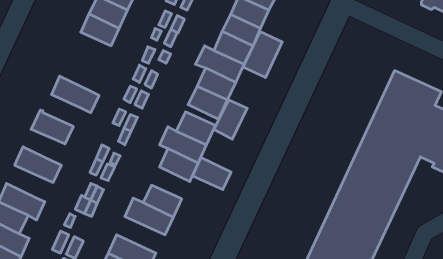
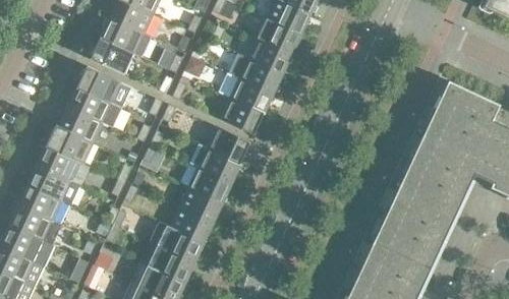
building: [243,31,282,78] -> none
building: none -> [91,38,134,74]
building: none -> [77,65,121,103]
building: none -> [59,107,102,142]
building: [214,100,247,139] -> none
building: none -> [37,145,83,181]
building: [193,157,231,190] -> [179,187,222,223]
building: none -> [18,185,61,222]
building: none -> [139,242,194,283]

